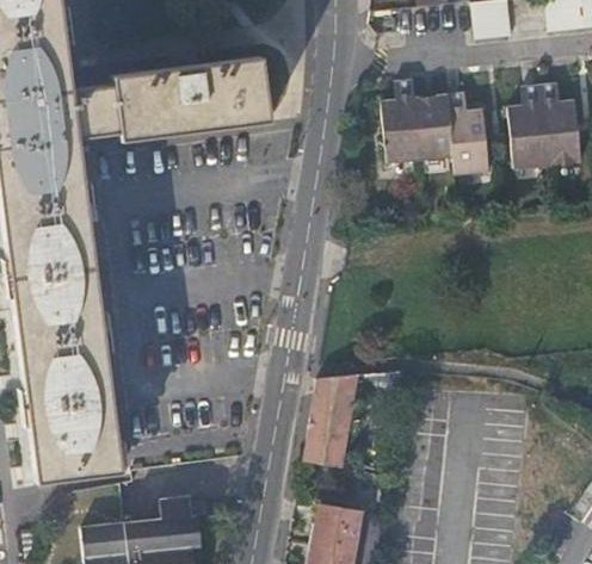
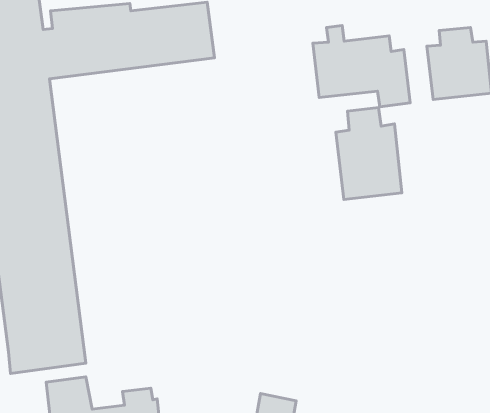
building: none -> [336,107,402,199]
building: [307,374,350,466] -> none

